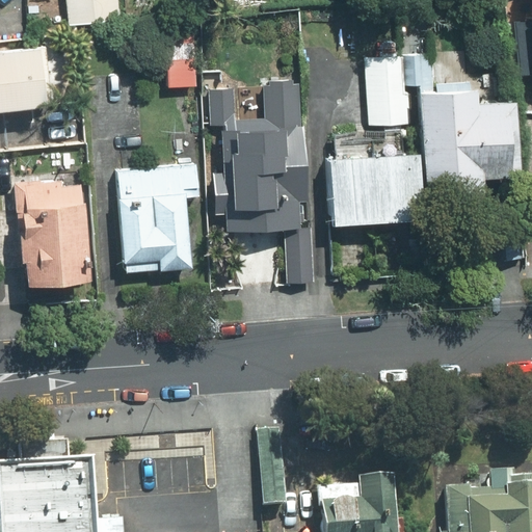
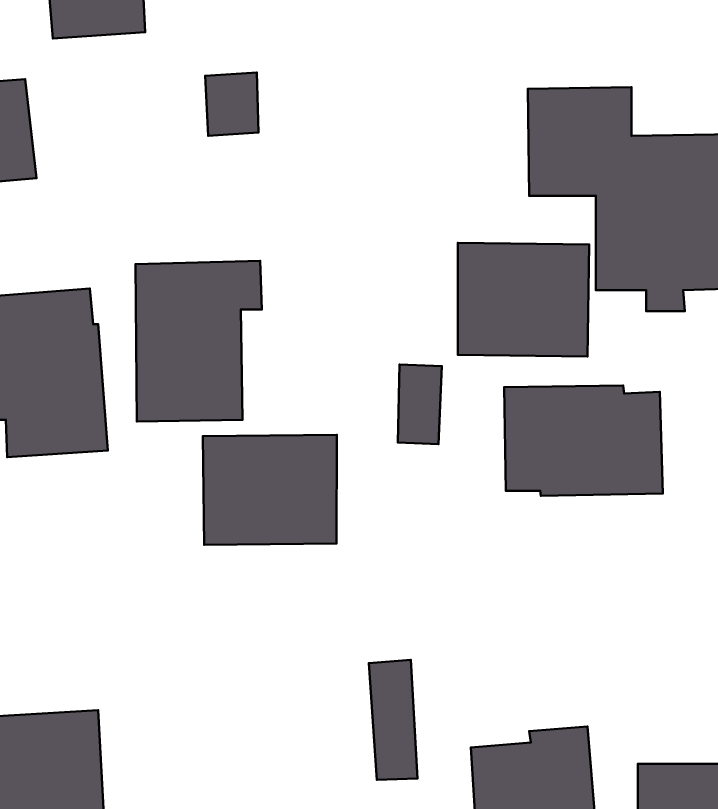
building: [208,82,299,234] -> none
building: none -> [504,385,663,496]
building: none -> [203,435,337,545]

